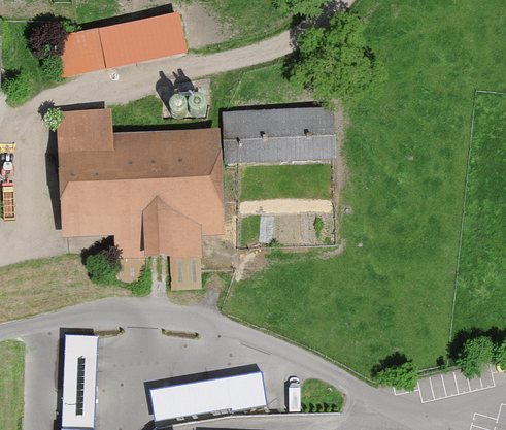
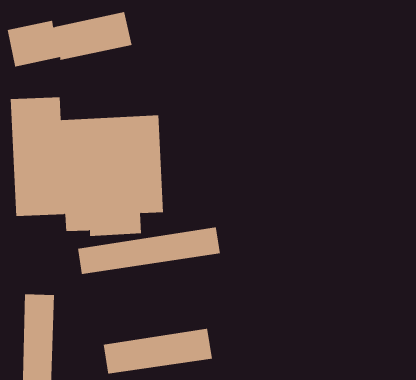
building: [223,107,333,163] -> none
building: none -> [77,226,220,275]

